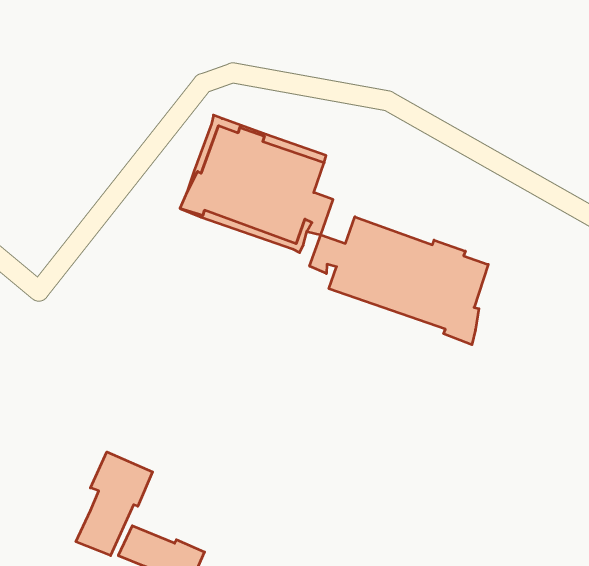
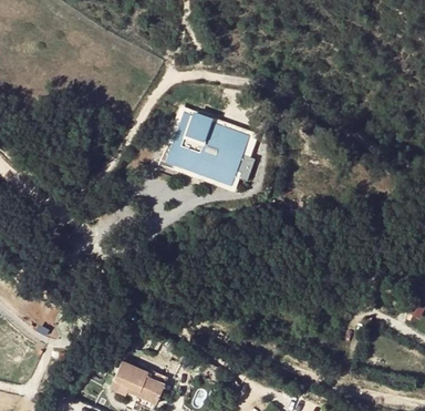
building: [310,217,488,345] -> none
building: [76,452,153,556] -> none

